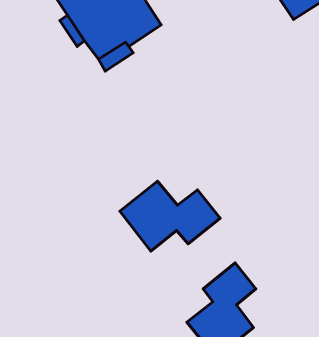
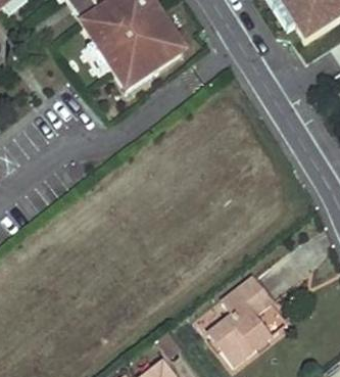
building: [120,181,220,251] -> none

